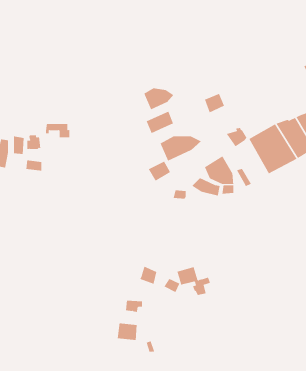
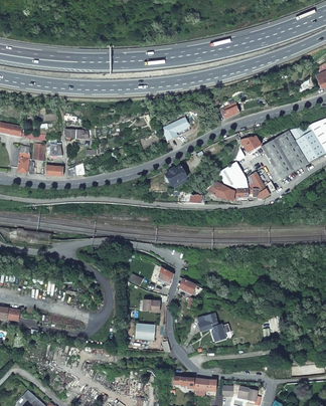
building: [144,87,174,110] -> none
building: [160,135,202,161] -> none
building: [176,266,211,295] -> [197,312,230,340]

